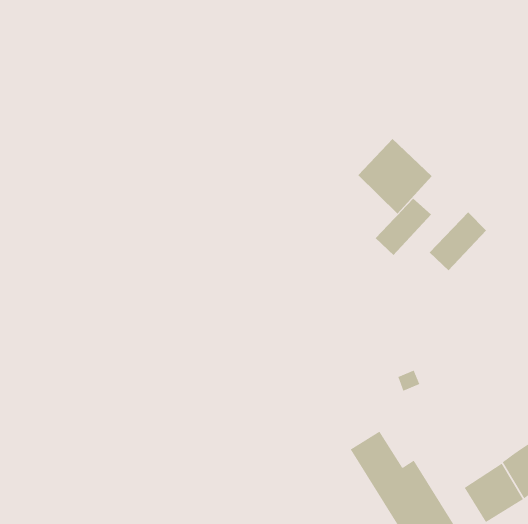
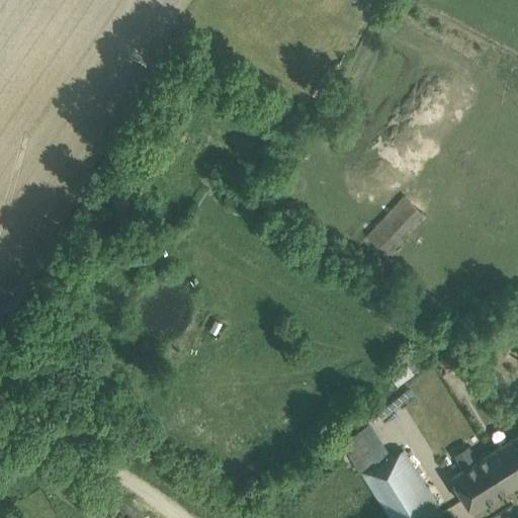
building: [358,138,432,214] -> none
building: [429,212,487,271] -> none

